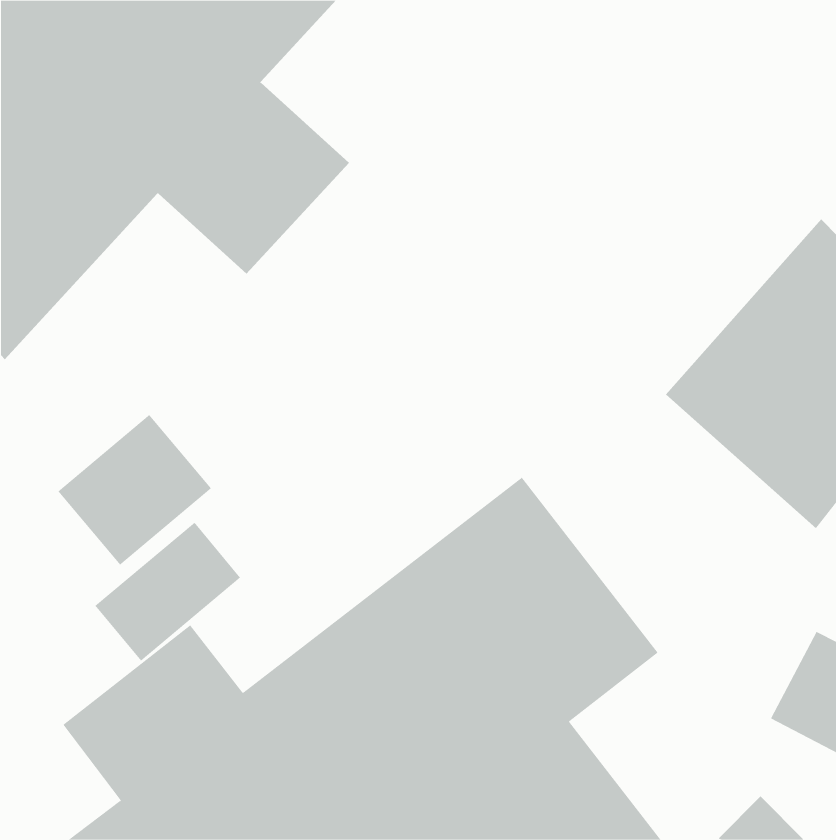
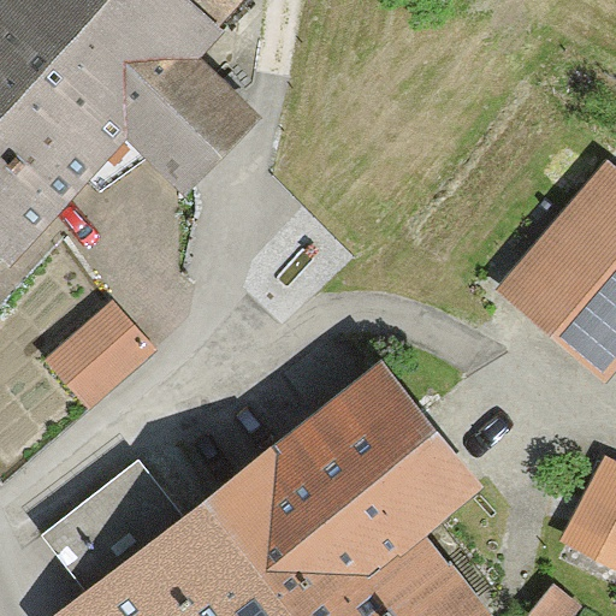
building: [95,522,241,662] -> none

